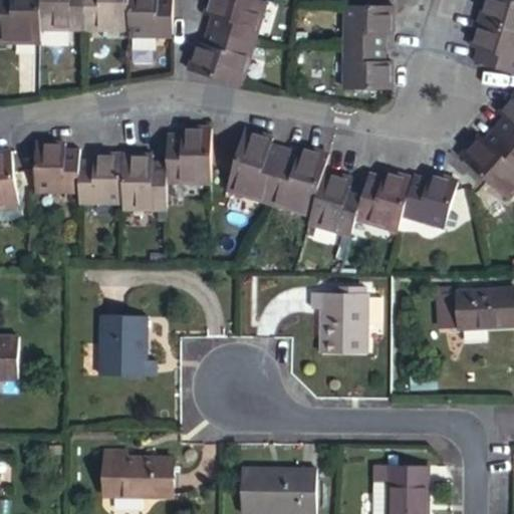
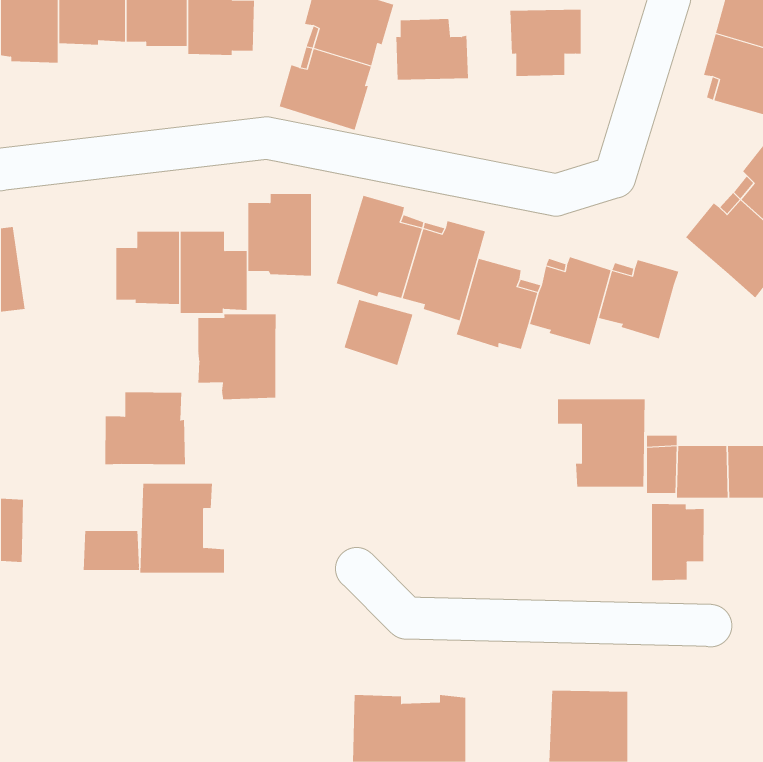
building: [344,50,394,91] -> [395,19,469,80]
building: [36,144,79,193] -> none
building: none -> [344,299,413,366]
building: none -> [198,313,276,400]
building: none -> [105,392,185,465]
building: [306,294,365,353] -> [557,399,646,487]
building: none -> [652,503,704,581]
building: none -> [83,530,139,571]
building: [102,452,171,497] -> none

